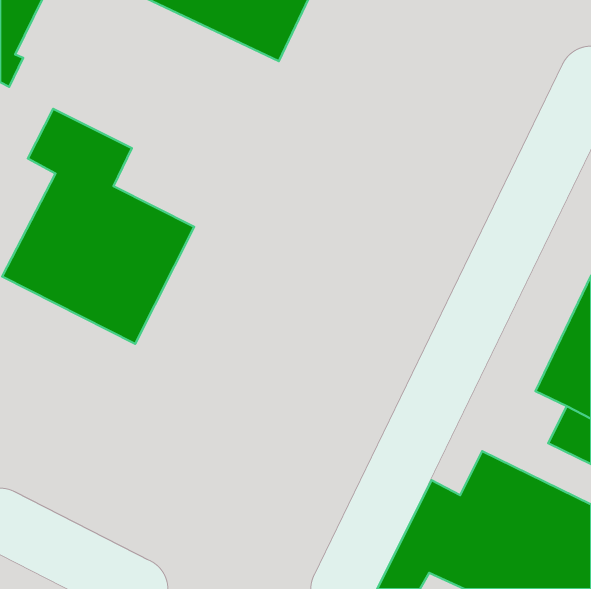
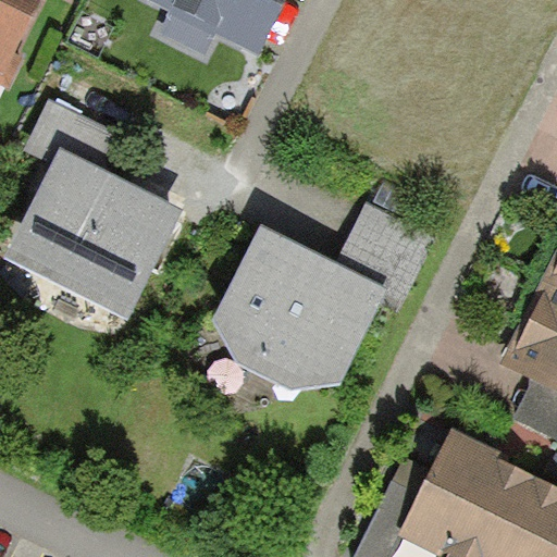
building: none -> [211,202,442,389]

